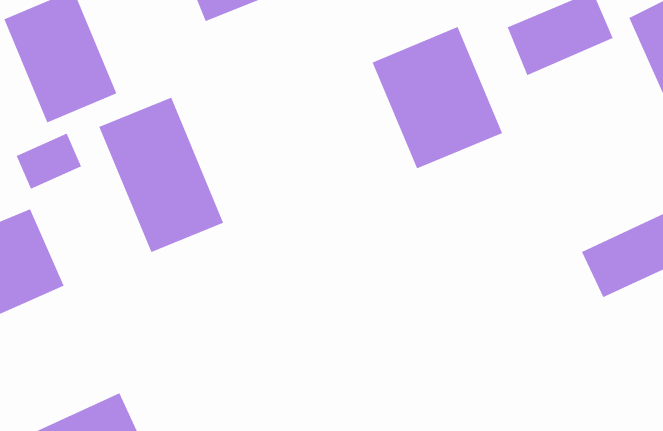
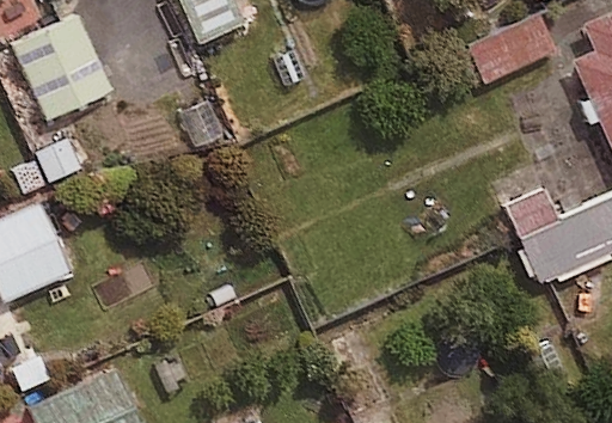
building: [372,26,503,169] -> none
building: [99,97,224,253] -> none

